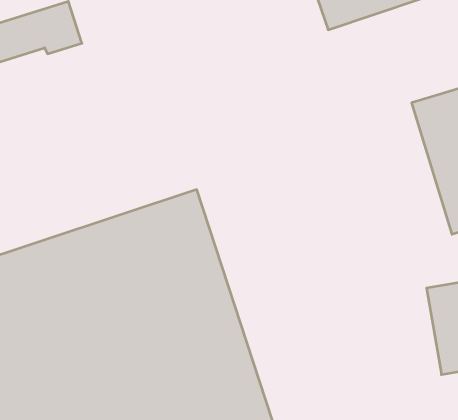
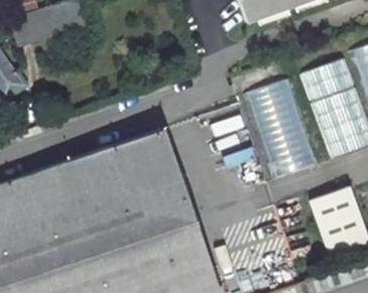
building: none -> [246,78,316,177]

